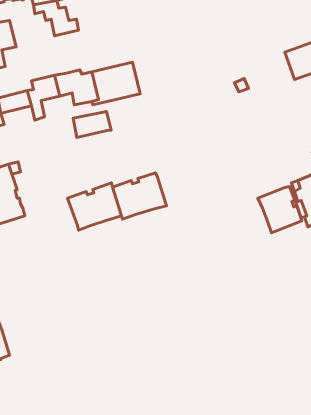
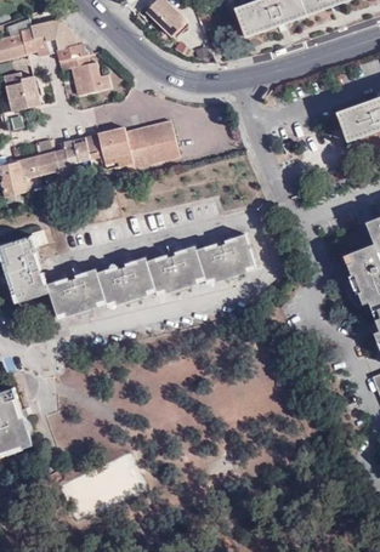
building: [73,111,111,138] -> none
building: none -> [195,233,255,284]
building: [258,186,302,233] -> none
building: none -> [46,267,107,318]

